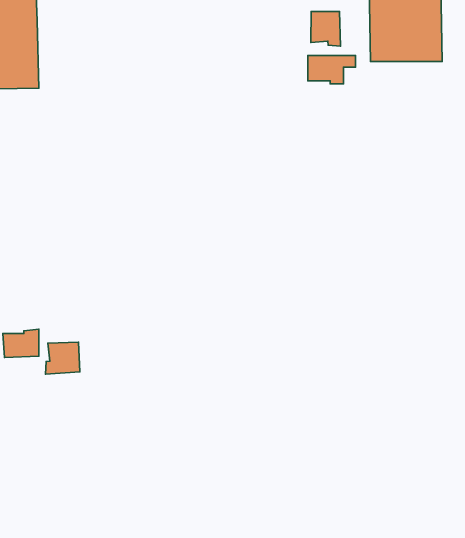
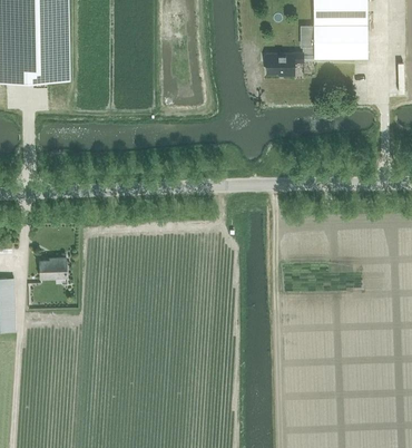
building: [311,11,340,46] -> none
building: [46,342,80,374] -> none

